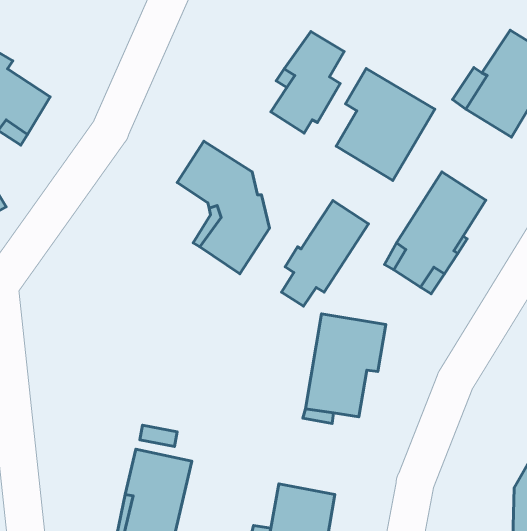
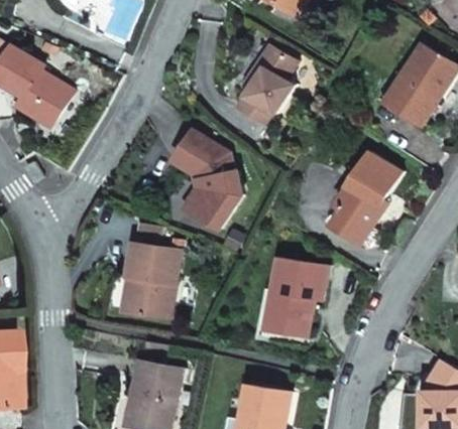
building: [336,69,435,181] -> none
building: [282,200,368,306] -> none
building: none -> [126,241,182,318]

